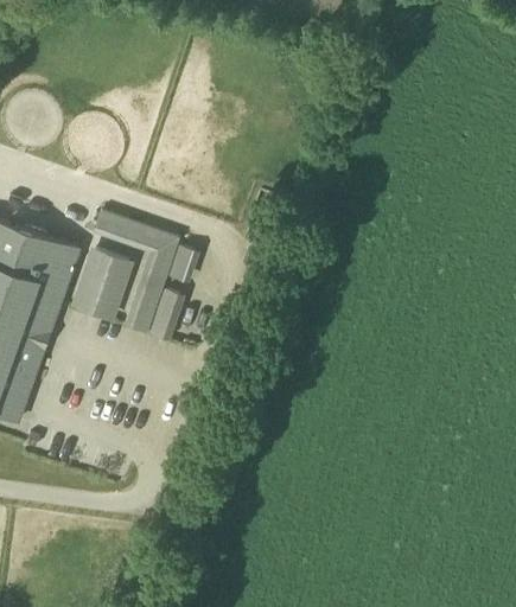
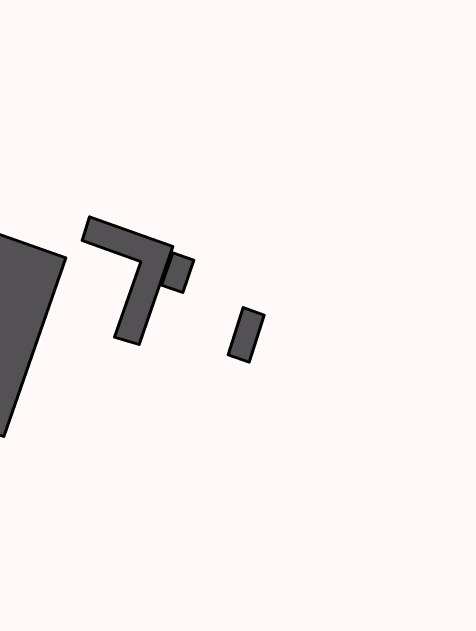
building: [71,248,133,320] -> none
building: [149,288,184,340] -> [228,308,264,362]

